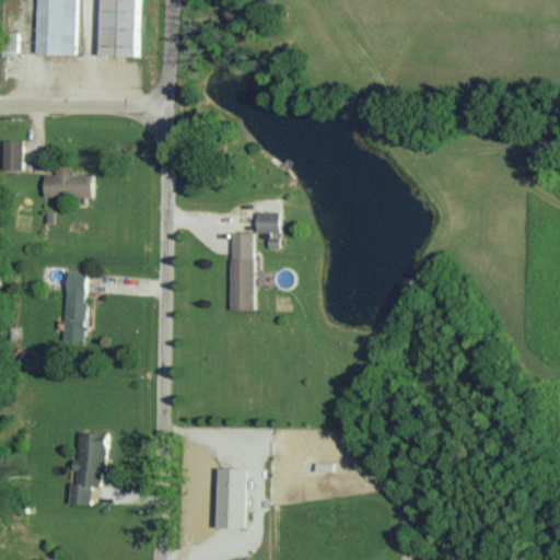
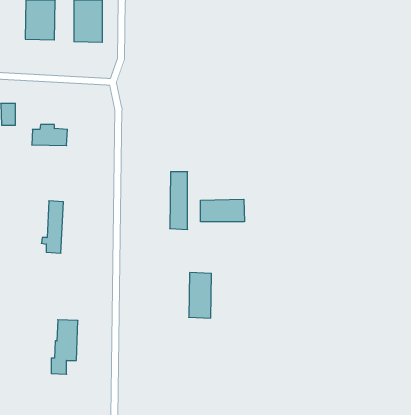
building: [255,212,278,232] -> none
building: none -> [201,199,244,222]
building: [218,467,248,528] -> [189,273,211,318]

